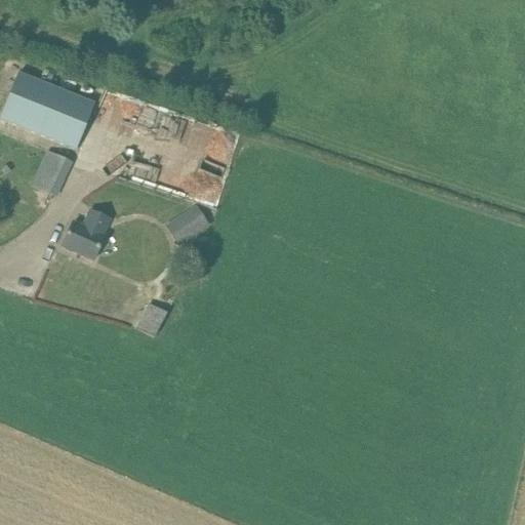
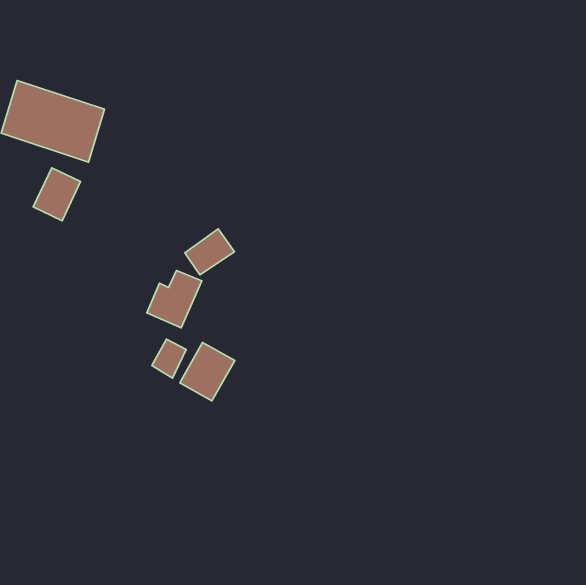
building: [63,209,112,260] -> [147,270,202,328]
building: none -> [180,343,235,401]

